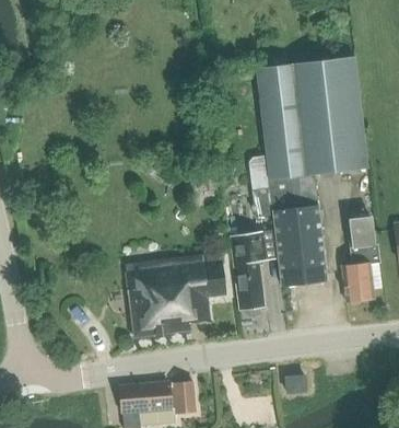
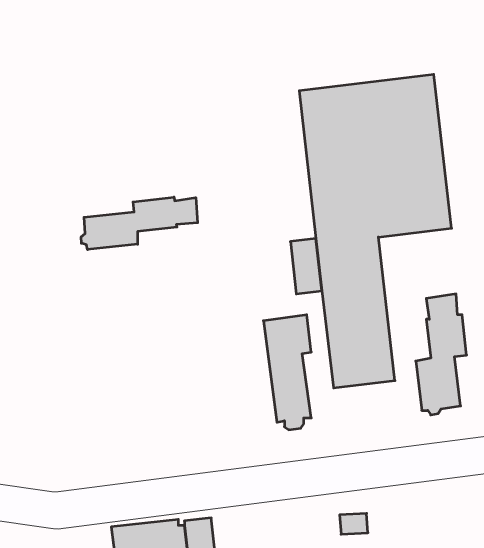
building: none -> [81,197,198,250]
building: [126,254,226,337] -> none

